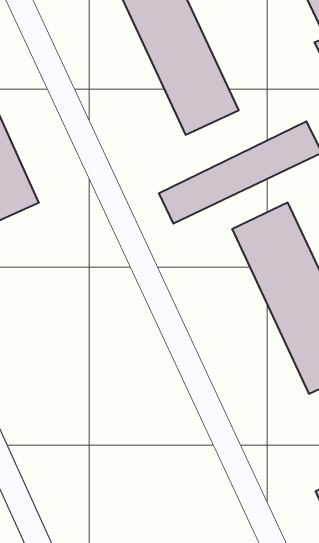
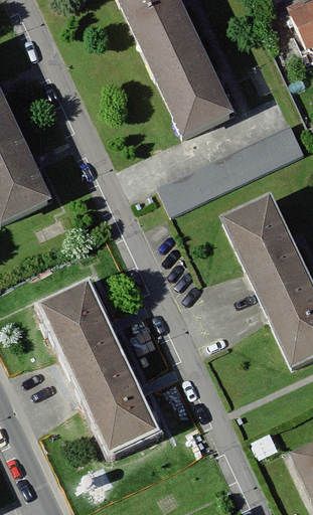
building: none -> [35,279,160,459]

